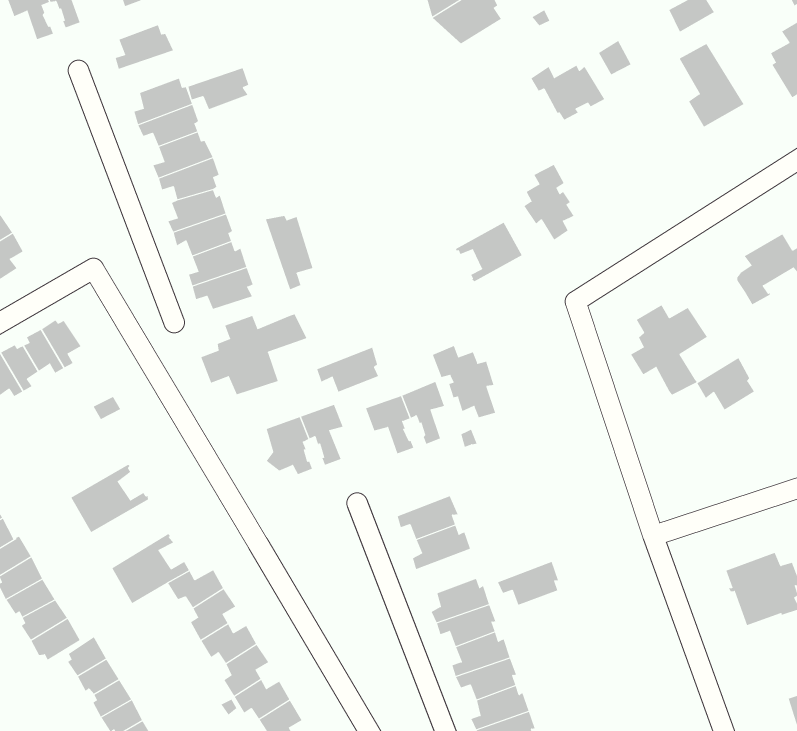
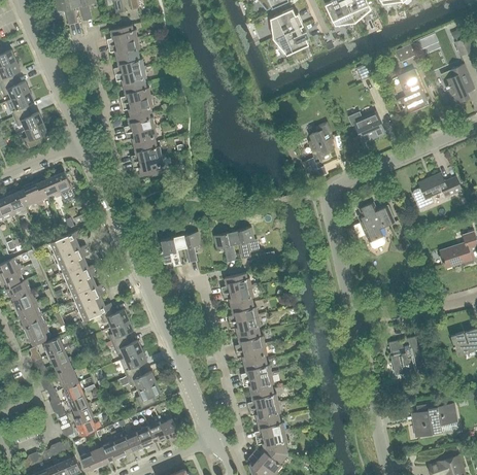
building: [530,65,605,120] -> [348,112,385,141]
building: [188,68,249,110] -> [108,39,140,59]
building: [265,215,313,290] -> none
building: [456,222,523,282] -> none
building: [200,314,307,395] -> none
building: [432,345,496,418] -> none
building: [316,347,379,393] -> none
building: [697,357,755,411] -> none
building: none -> [47,230,88,263]
building: none -> [220,273,251,294]
building: none -> [64,269,104,302]
building: [497,561,559,606] -> [229,315,261,336]

